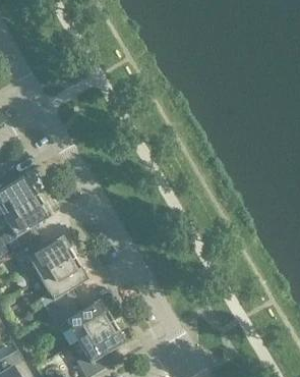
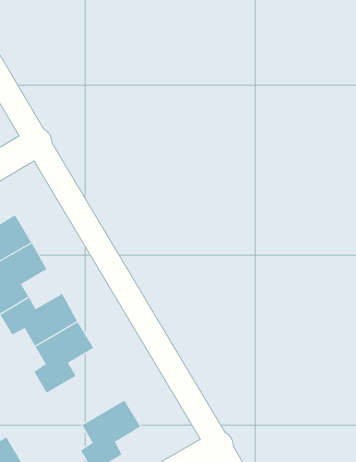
building: [48,299,111,341] -> none

